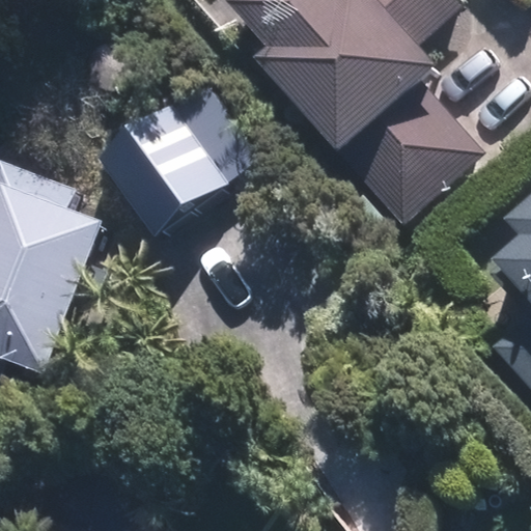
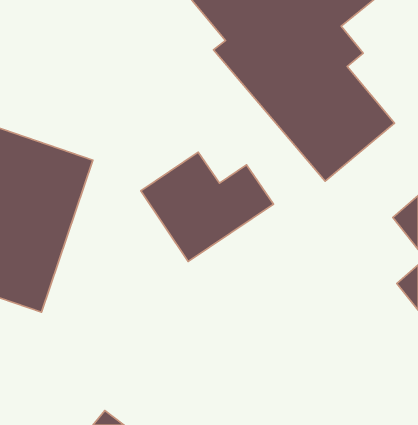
building: [100,97,262,232] -> [141,152,273,262]

